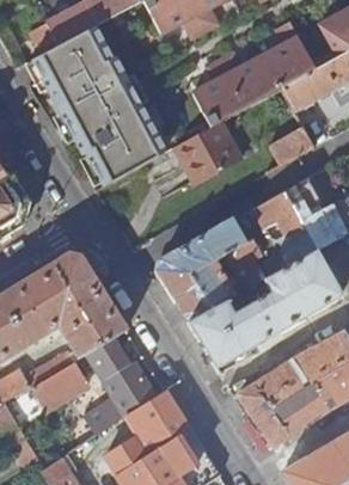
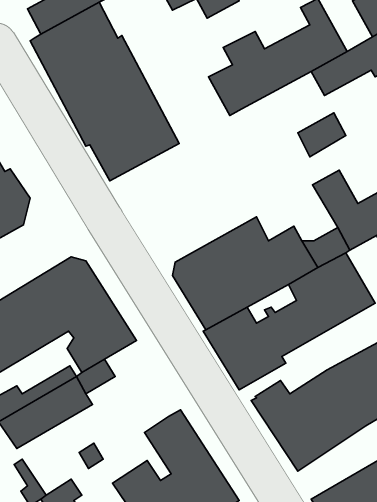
building: [173,122,241,185] -> none
building: [255,190,307,240] -> none
building: [94,363,155,434] -> none

